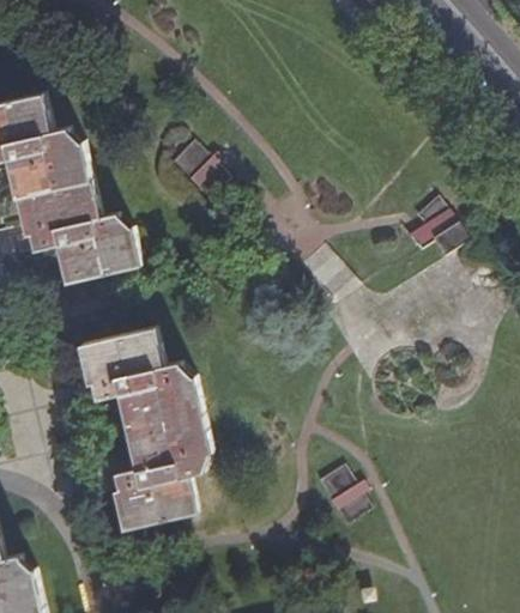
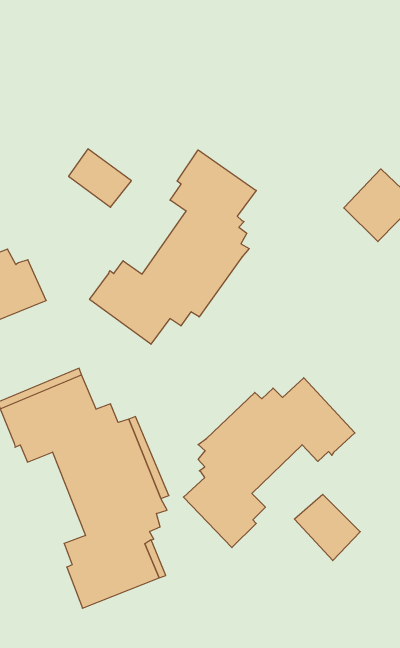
building: none -> [90,150,256,344]
building: none -> [183,378,355,548]

